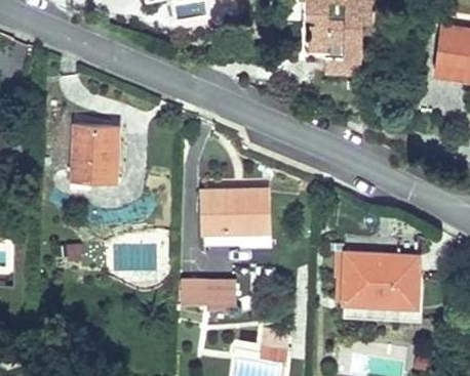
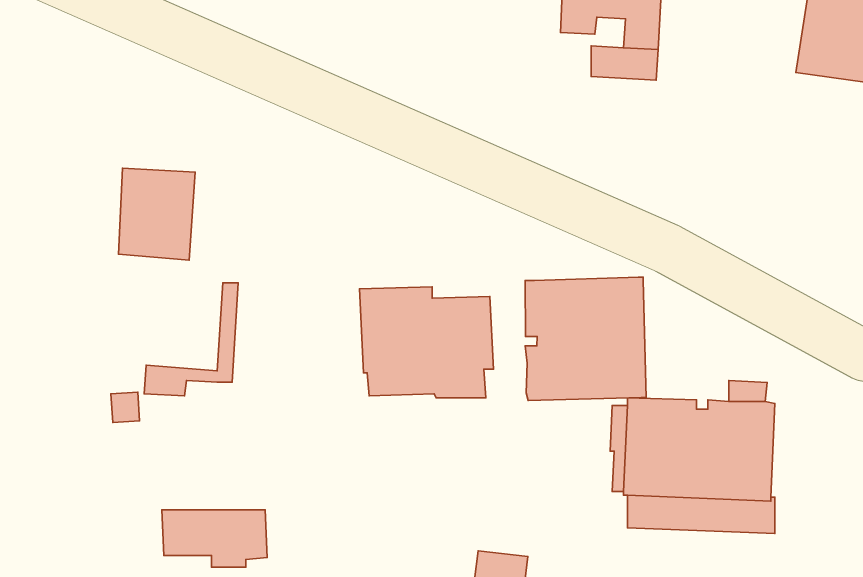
building: [69,126,119,186] -> [144,283,238,396]
building: none -> [525,277,646,400]
building: [180,278,236,308] -> [162,510,267,567]

